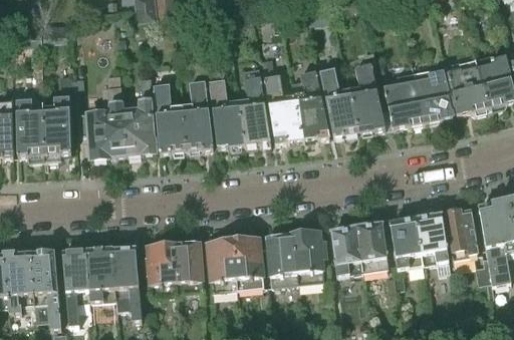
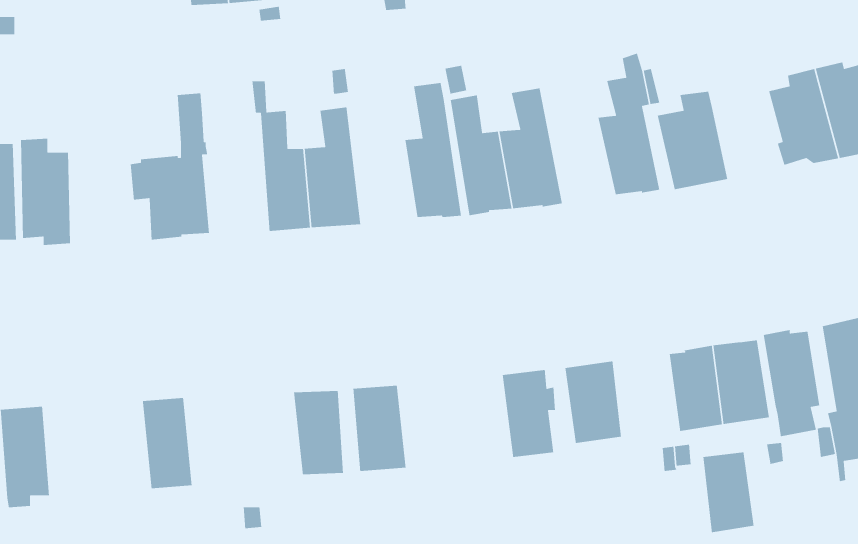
building: [318,67,358,136] -> none
building: [413,69,452,122] -> none
building: [208,78,244,148] -> none
building: [120,81,154,153] -> none
building: [43,95,70,159] -> none
building: [357,224,388,271] -> [702,451,755,533]
building: [266,235,299,286] -> none
building: [233,238,263,289] -> none
building: [144,245,178,295] -> none
building: [109,248,142,320] -> none
building: [62,251,90,324] -> none
building: [28,252,60,328] -> none

